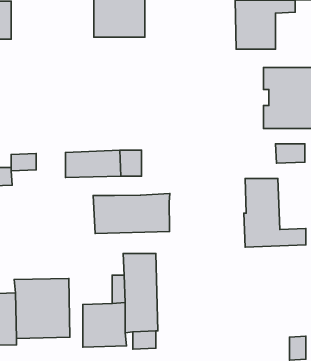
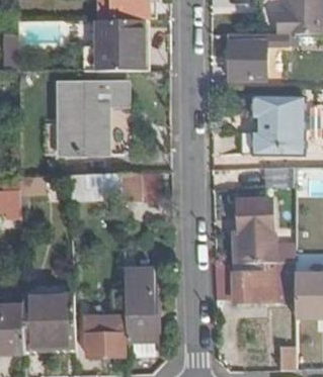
building: none -> [60,83,129,154]
building: [93,193,170,233] -> none
building: none -> [216,262,295,301]

